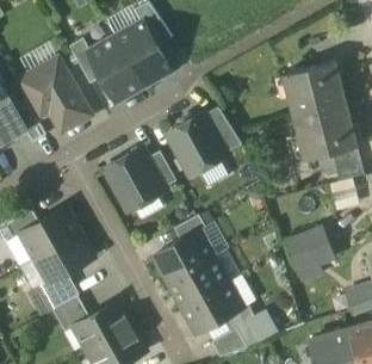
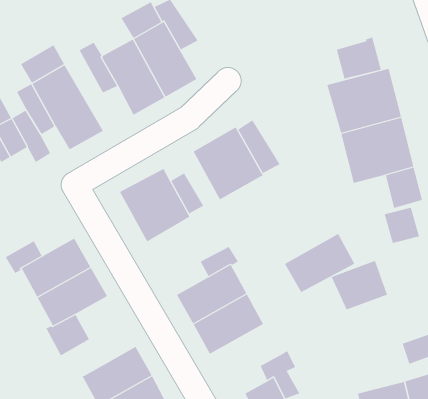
building: none -> [336,36,381,80]
building: [181,280,242,332] -> [284,233,355,293]
building: [51,295,88,332] -> none

